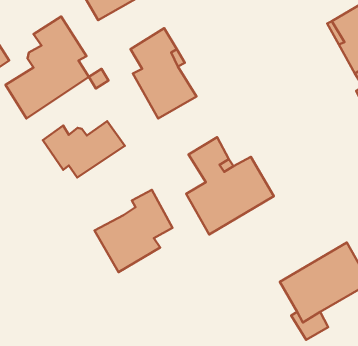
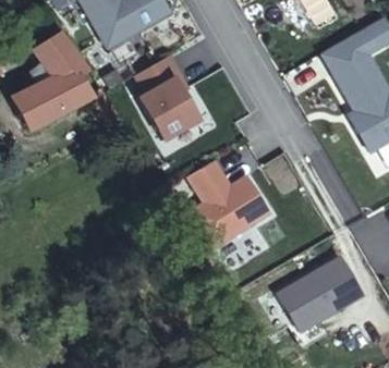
building: [43,121,125,178] -> none
building: [95,190,172,272] -> none

